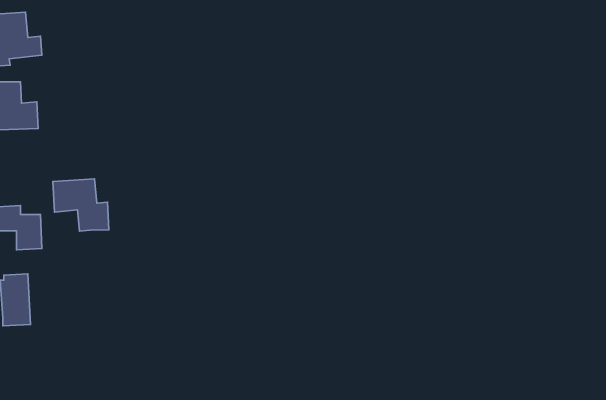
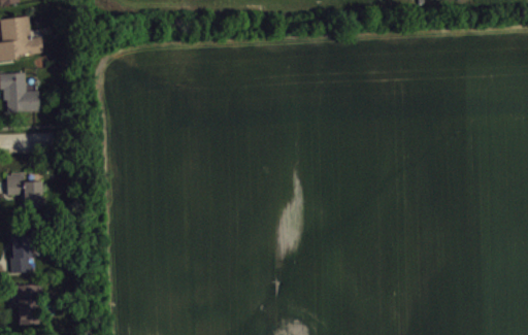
building: [53,179,109,231] -> none
building: none -> [16,284,38,325]

